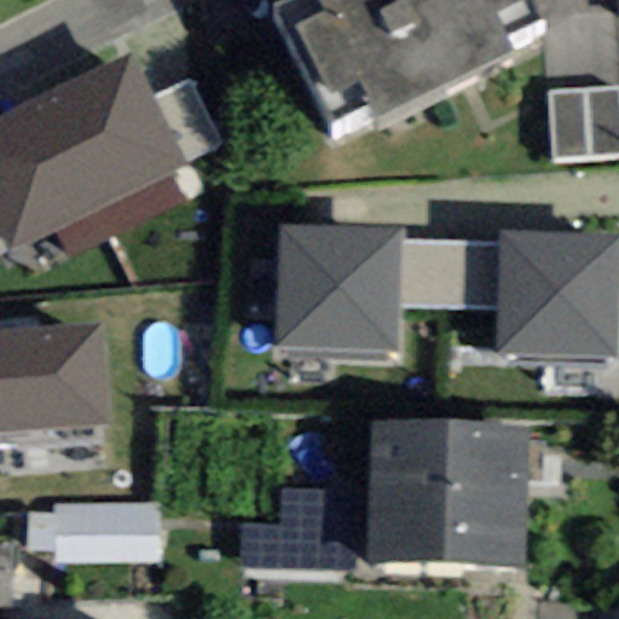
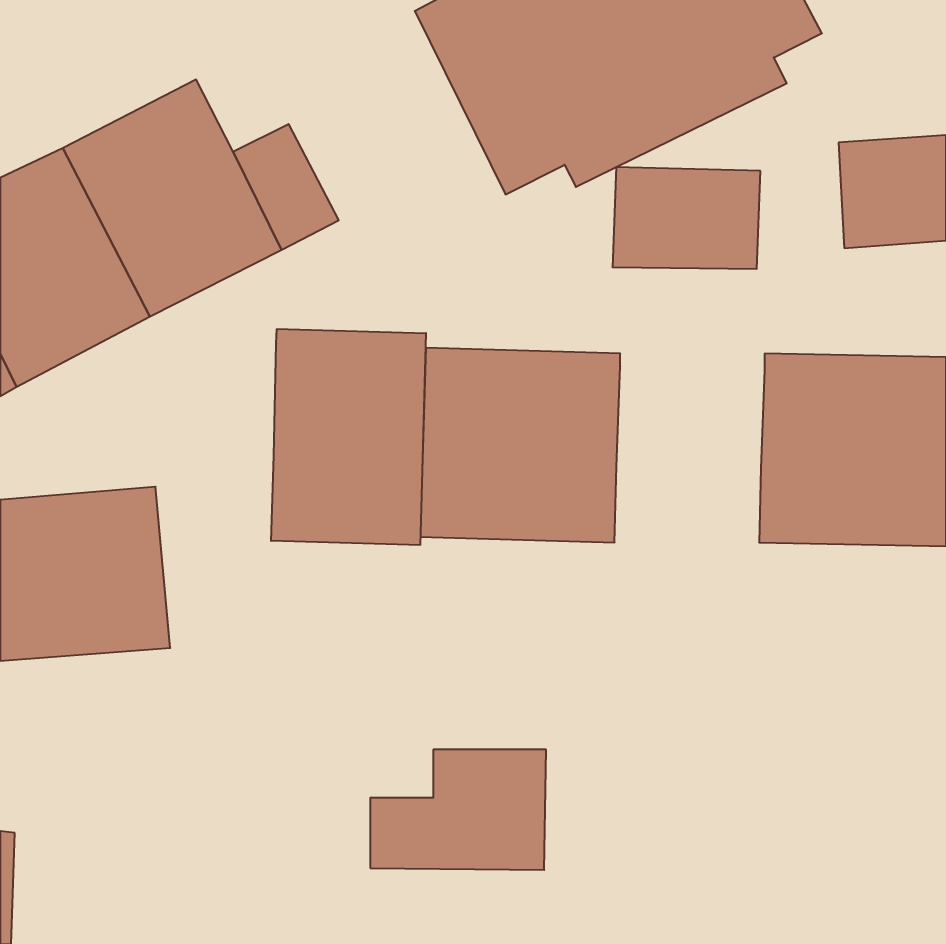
building: none -> [271,329,426,545]
building: [403,239,499,306] -> [612,167,760,269]
building: [368,423,525,569] -> none
building: [25,502,161,563] -> none

